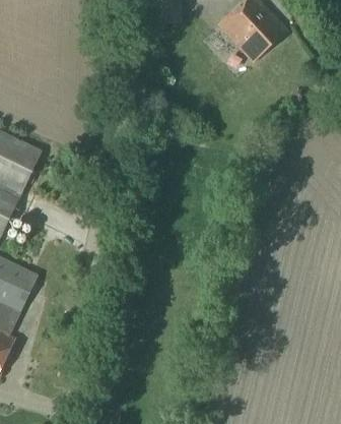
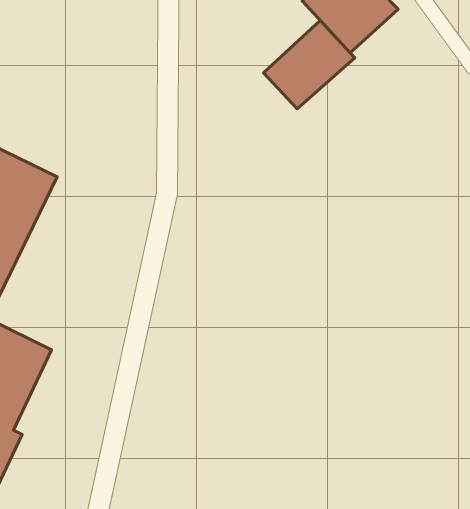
building: none -> [263,21,355,109]

